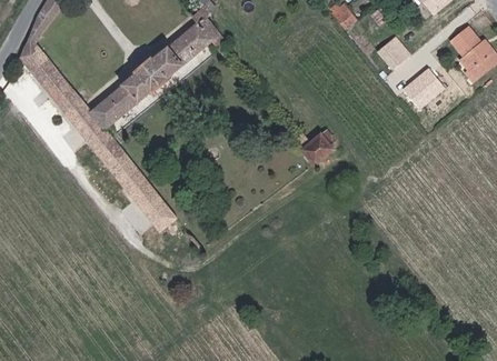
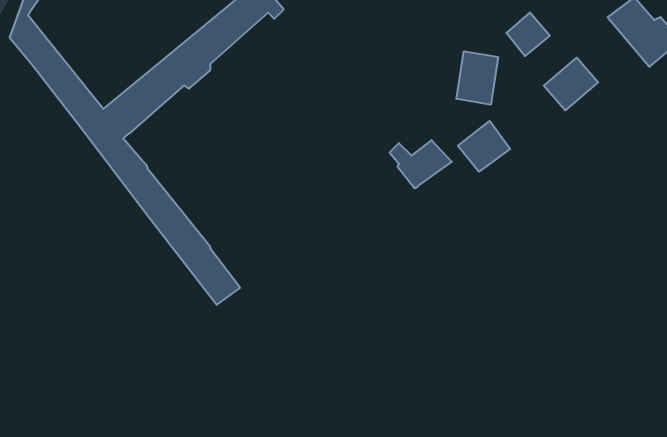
building: none -> [456,51,498,105]
building: none -> [458,121,510,172]

